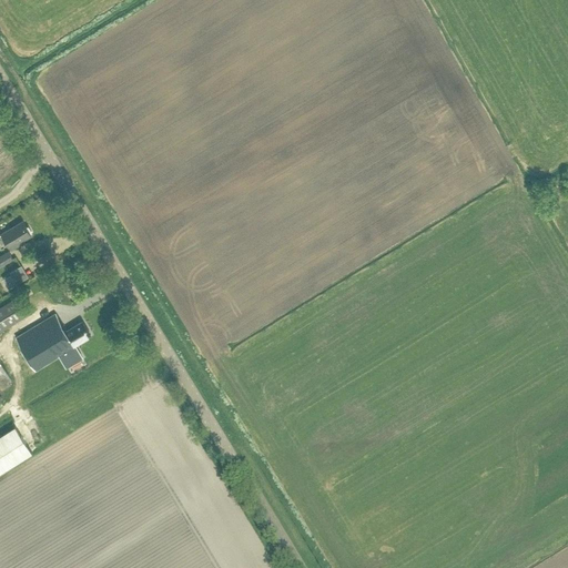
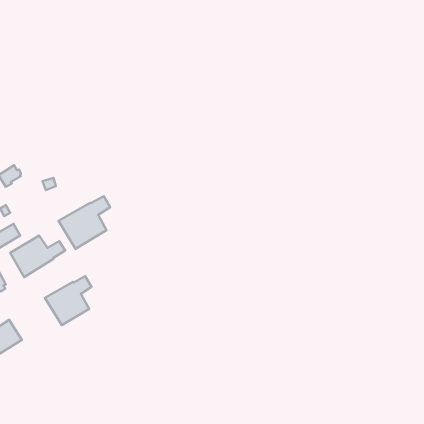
building: none -> [58,196,110,249]
building: none -> [45,276,91,325]

